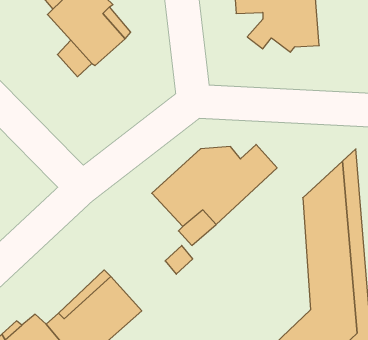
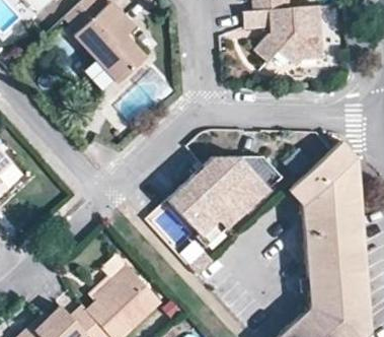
building: none -> [292,135,355,200]

